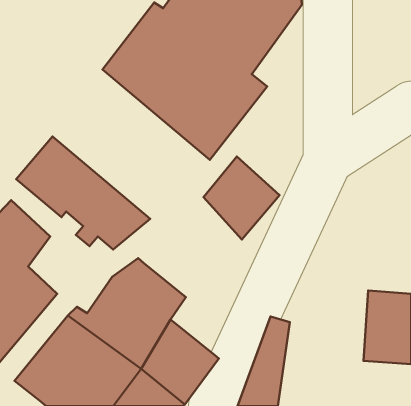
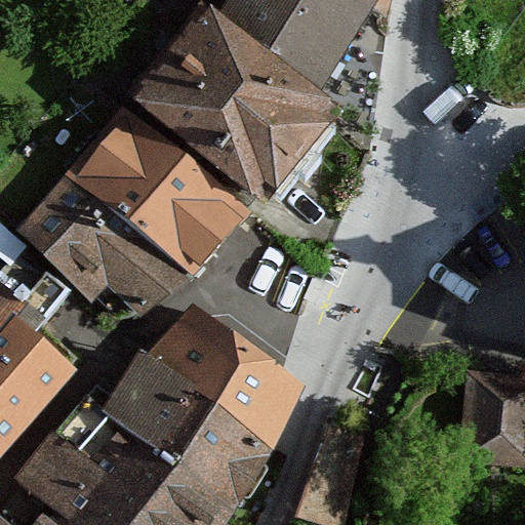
building: none -> [67,105,248,278]
building: [203,156,279,239] -> none
building: none -> [183,314,301,451]

